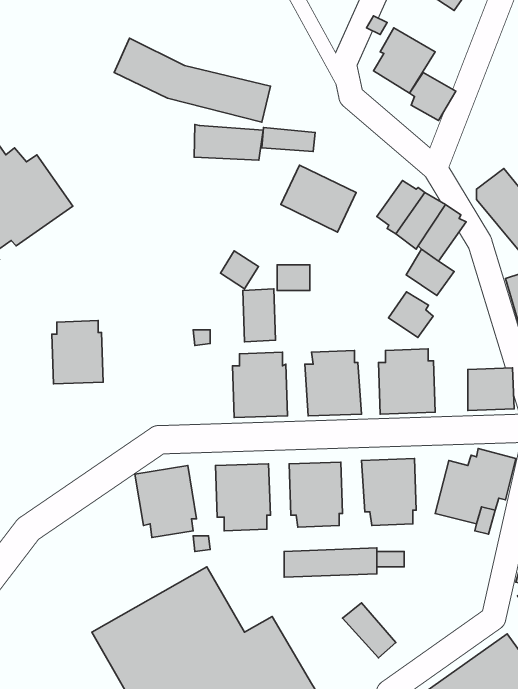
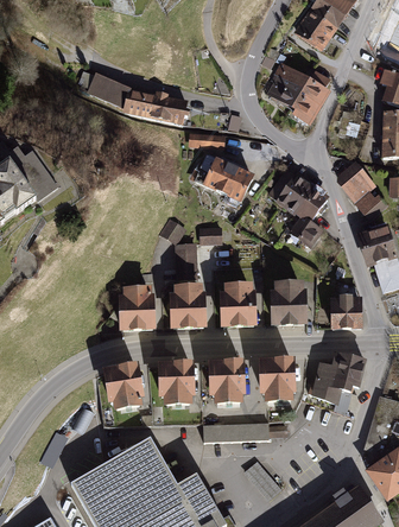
building: none -> [300,69,332,107]
building: [194,125,263,160] -> none
building: [389,292,433,337] -> none
building: [52,320,103,384] -> [119,290,154,334]

